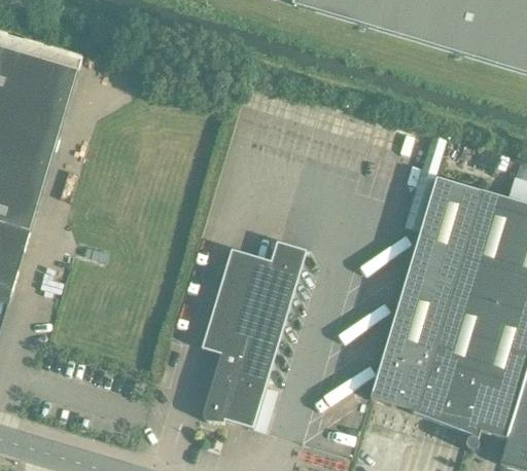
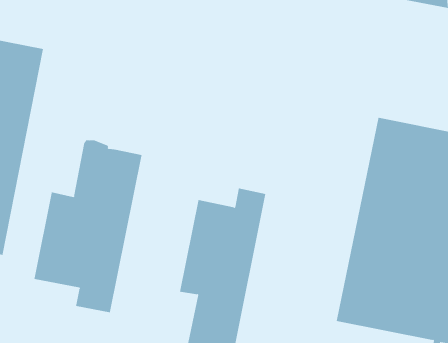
building: none -> [34,139,142,313]

